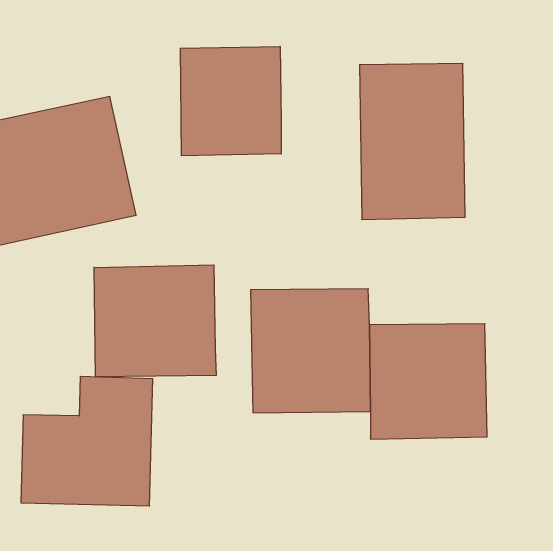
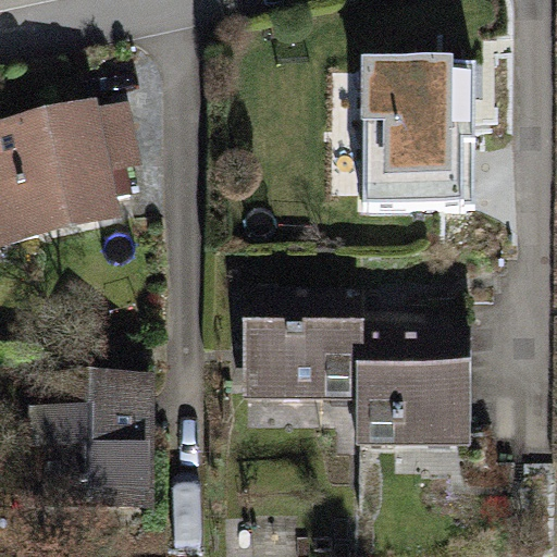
building: [180,46,281,156] -> none
building: [94,265,216,377] -> none

